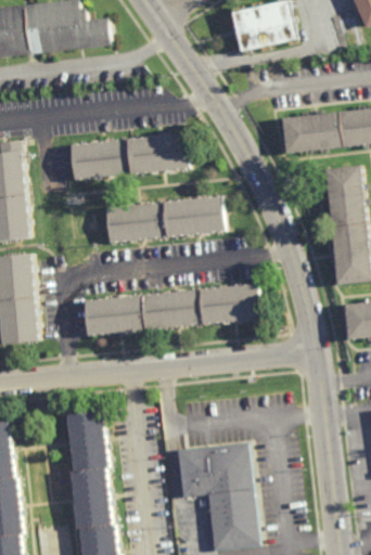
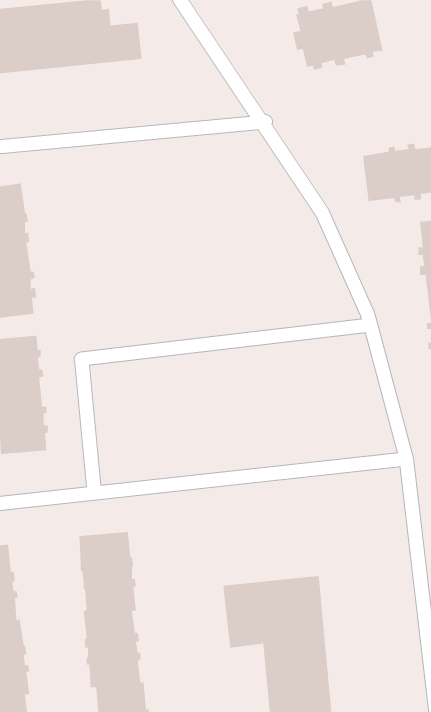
building: [72,133,188,181] -> none
building: [105,195,225,244] -> none
building: [86,282,260,338] -> none

